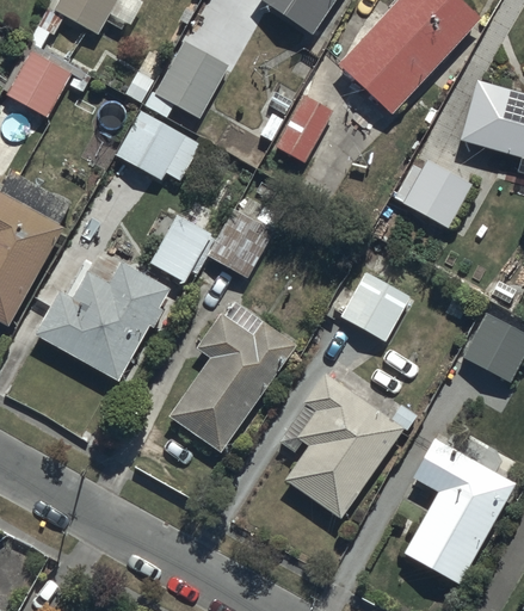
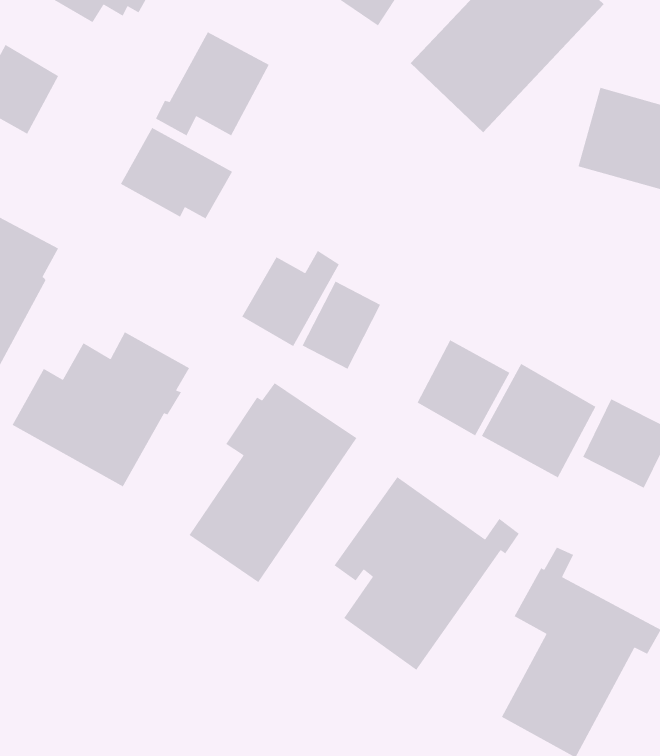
building: [276,94,333,162] -> none
building: [383,153,471,229] -> none
building: [153,214,212,280] -> [302,280,381,370]
building: none -> [481,363,597,479]

